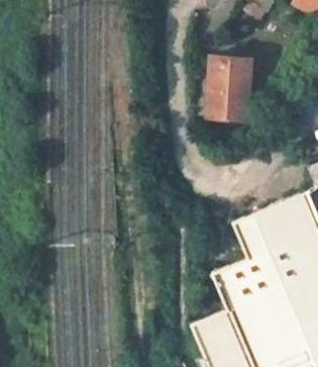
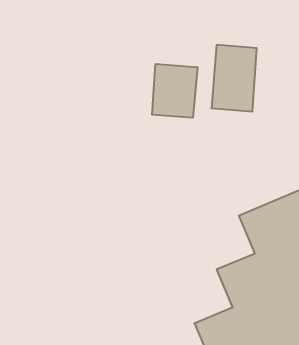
building: none -> [152,64,197,118]

